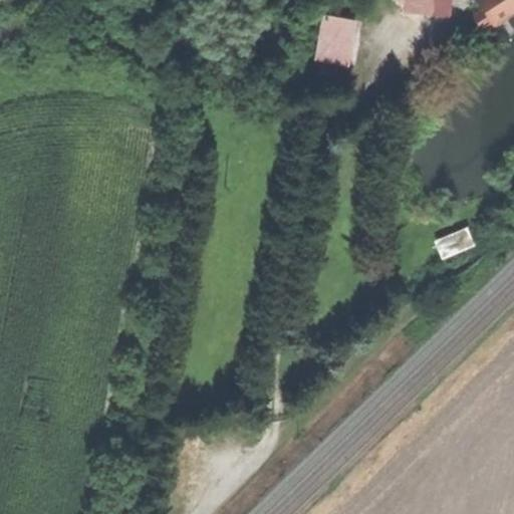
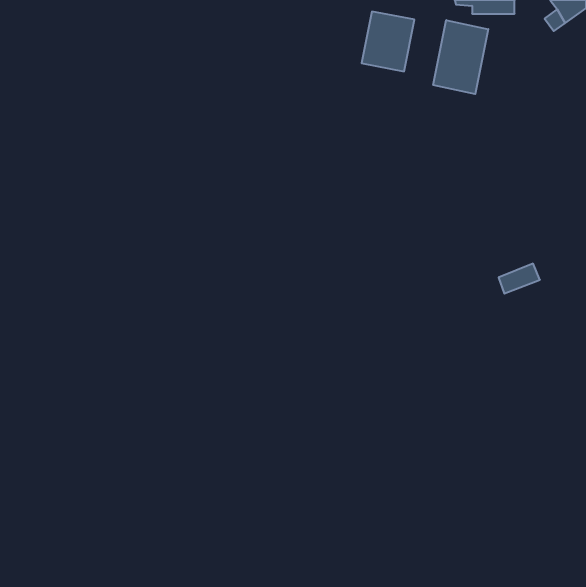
building: none -> [433,20,488,94]

